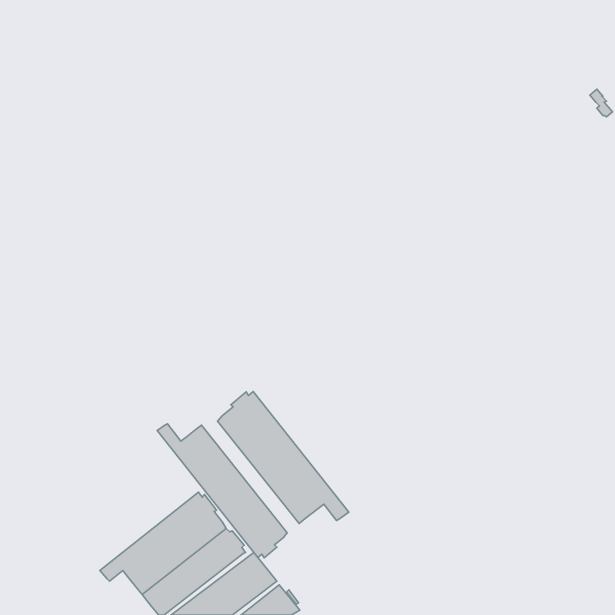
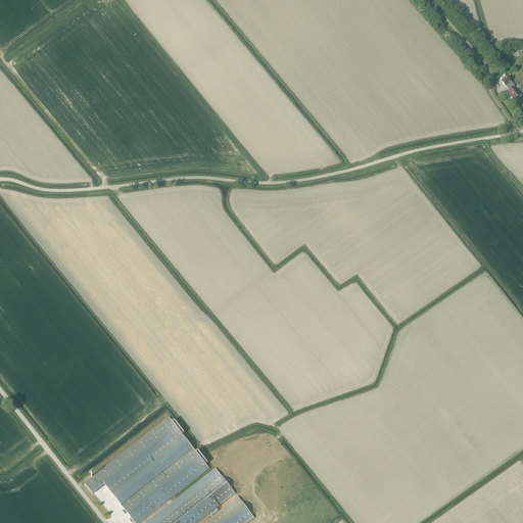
building: [217,391,349,523] -> none
building: [157,424,287,558] -> none

